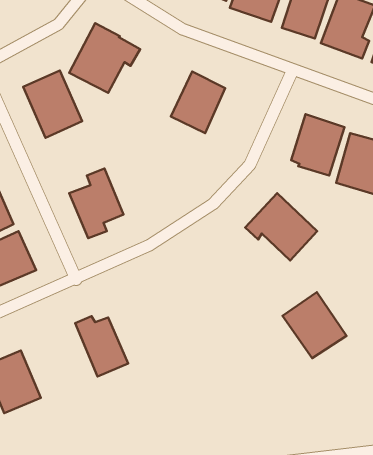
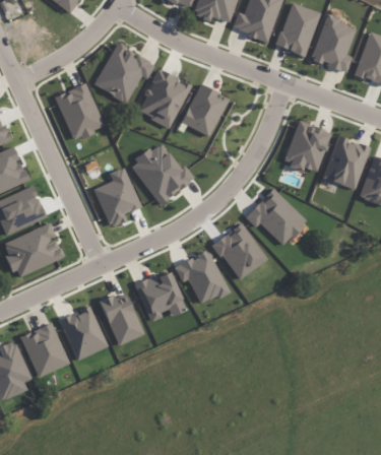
building: none -> [138,70,191,128]
building: none -> [130,142,194,205]
building: none -> [175,251,228,306]
building: none -> [134,272,185,320]
building: [283,292,346,358] -> [212,223,267,280]
building: none -> [58,306,108,361]

